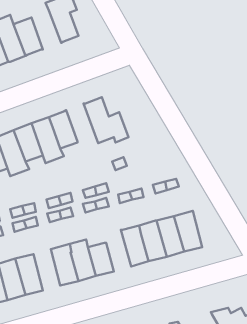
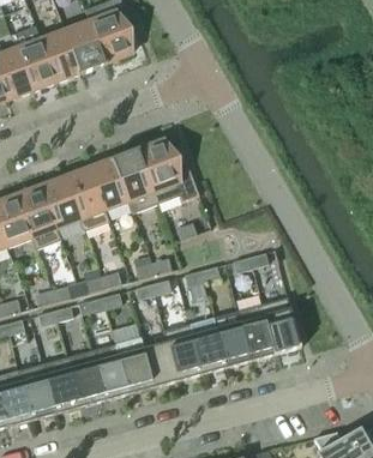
building: none -> [64,20,104,74]
building: none -> [112,149,156,213]
building: none -> [162,324,201,381]
building: none -> [66,350,103,408]

